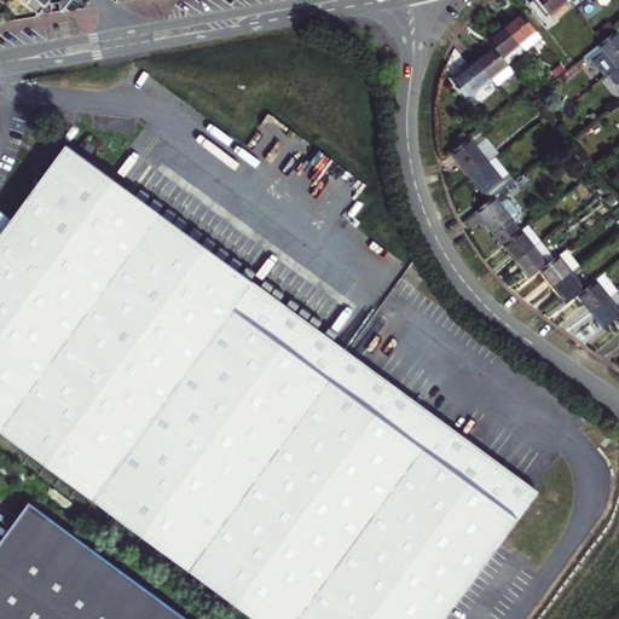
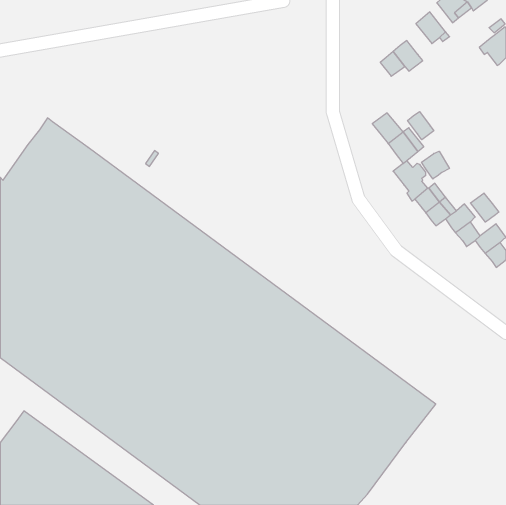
building: [491,29,527,66] -> none
building: none -> [408,112,434,140]
building: none -> [422,151,449,179]
building: none -> [470,193,499,222]

